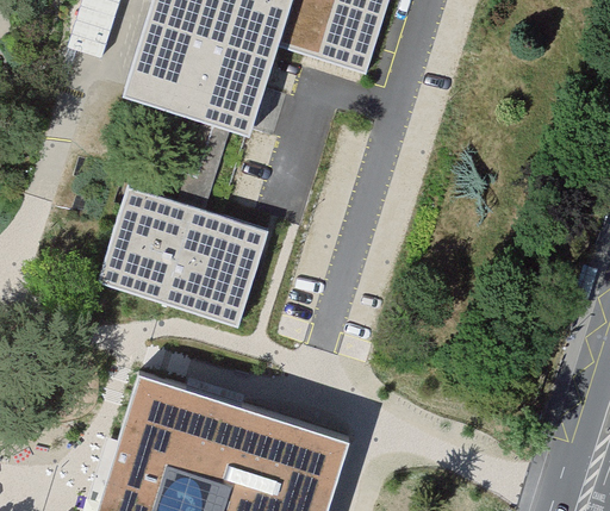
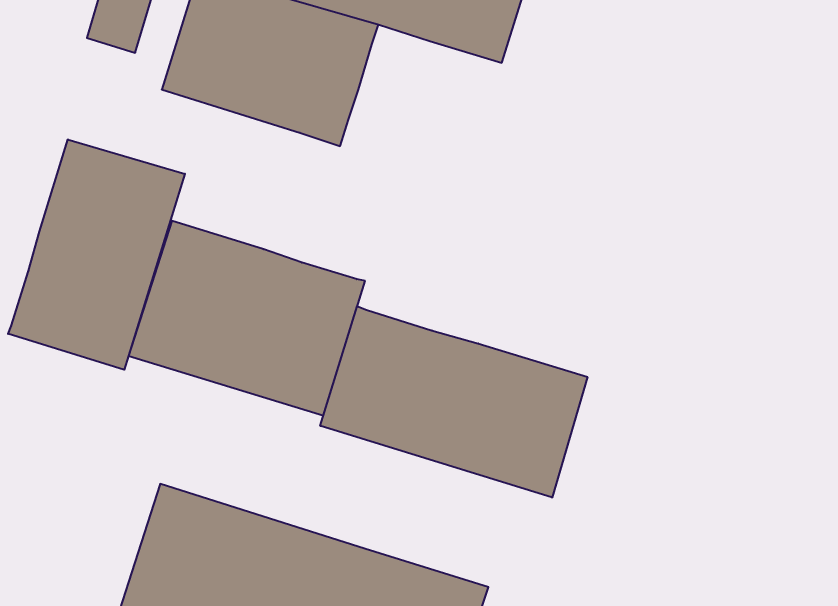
building: none -> [8,139,185,370]
building: none -> [320,306,587,498]

